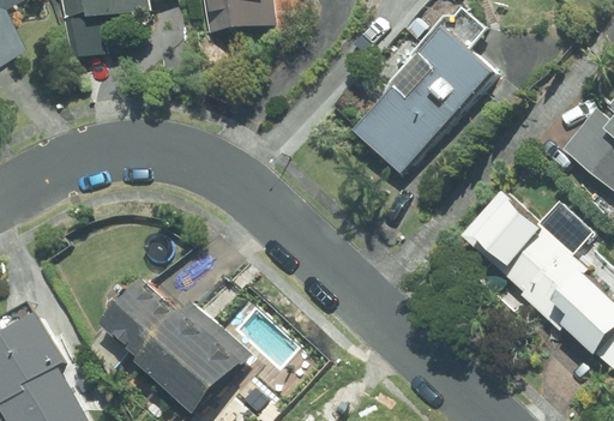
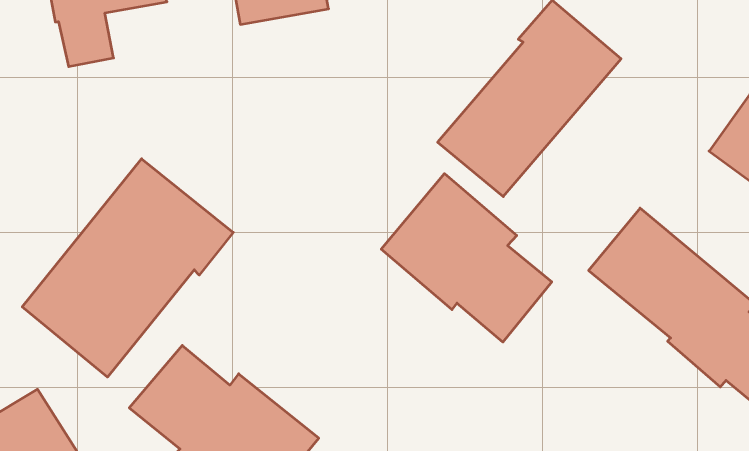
building: none -> [22,159,233,377]
building: none -> [381,174,552,342]

